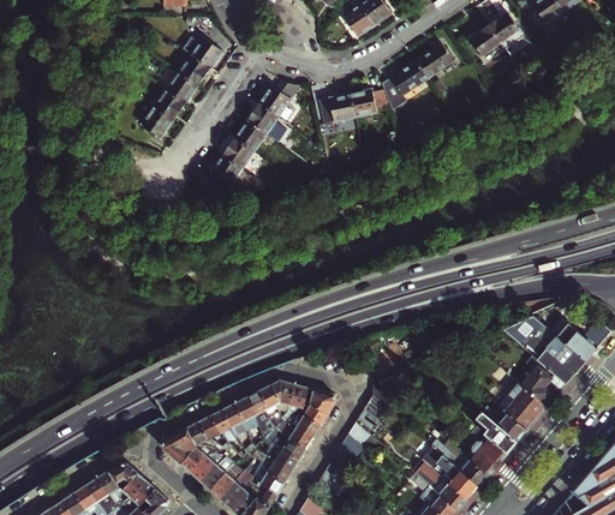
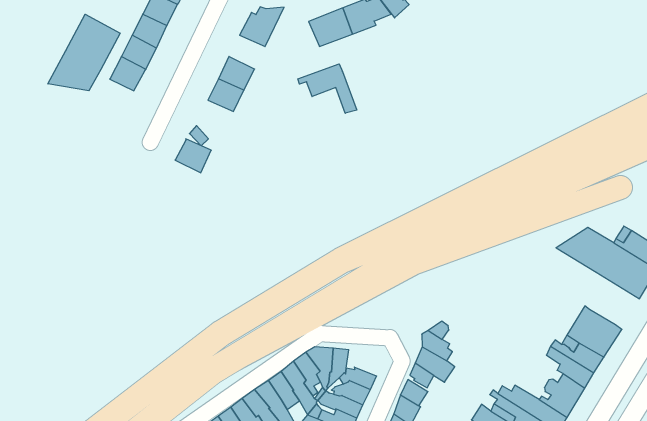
building: none -> [48,14,120,91]
building: [246,102,279,133] -> none
building: none -> [298,64,357,113]
building: [210,154,243,185] -> [175,139,211,173]
building: [523,354,567,402] -> none
building: [305,388,338,414] -> none

